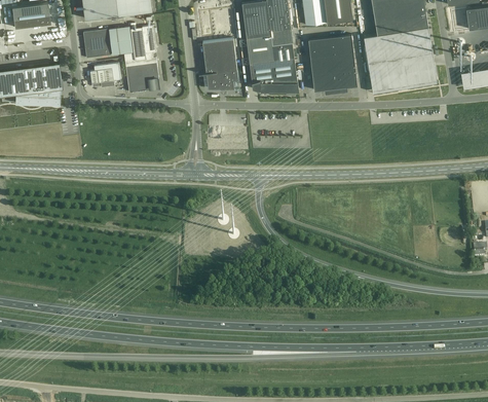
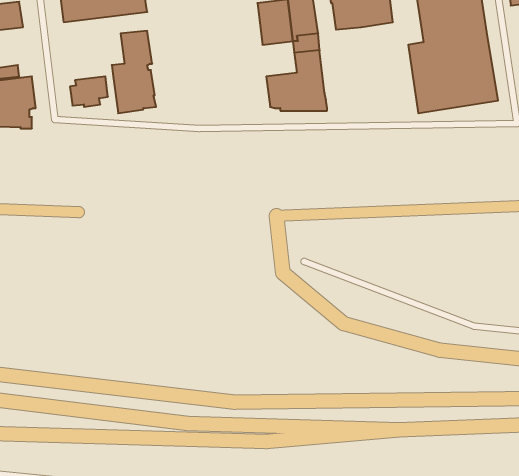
building: [82,26,133,58] -> none
building: [246,34,273,63] -> none
building: [307,34,356,90] -> none
building: [198,38,237,88] -> none

